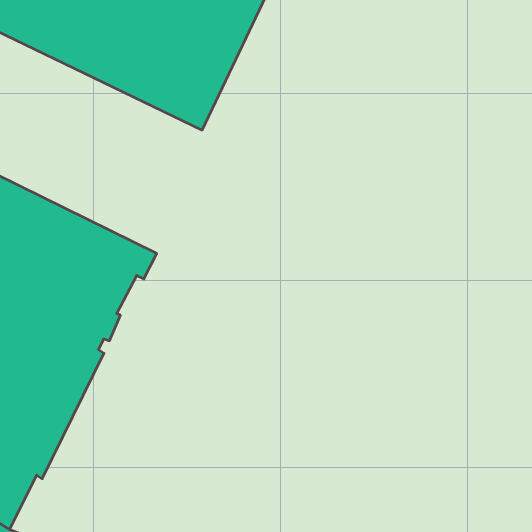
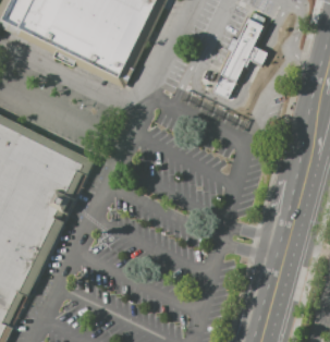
building: none -> [213,15,264,101]

